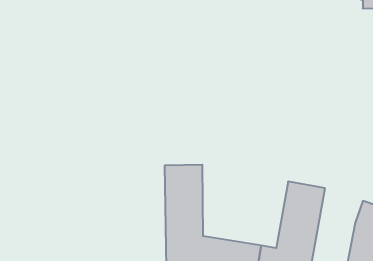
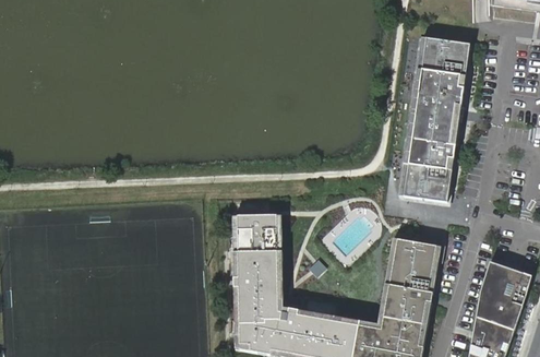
building: none -> [397,36,468,201]

